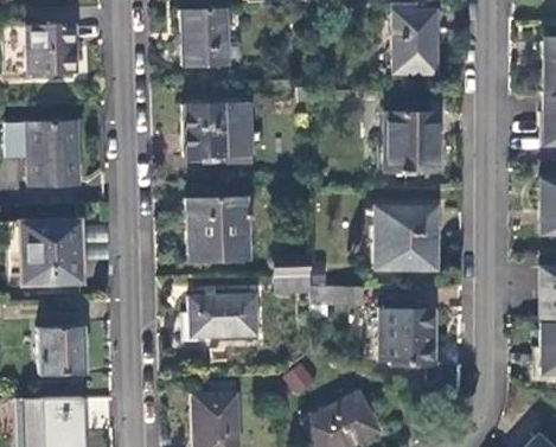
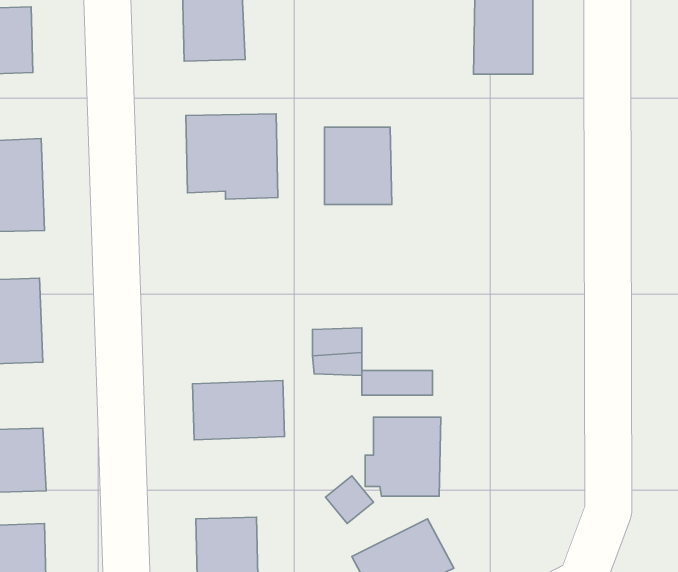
building: [386,114,435,170] -> [324,127,392,205]
building: [188,197,248,260] -> none
building: [373,207,434,269] -> none
building: [379,308,434,365] -> [365,417,441,496]

